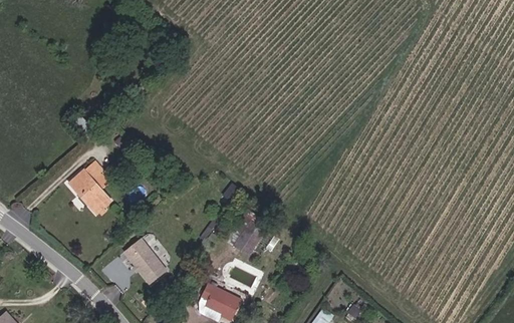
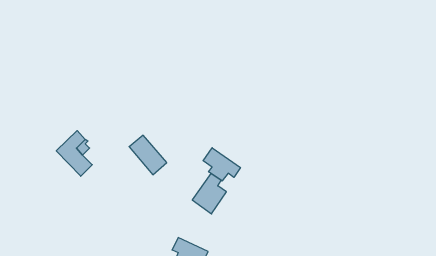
building: none -> [203,148,240,181]
building: [124,241,168,286] -> [129,135,167,175]

